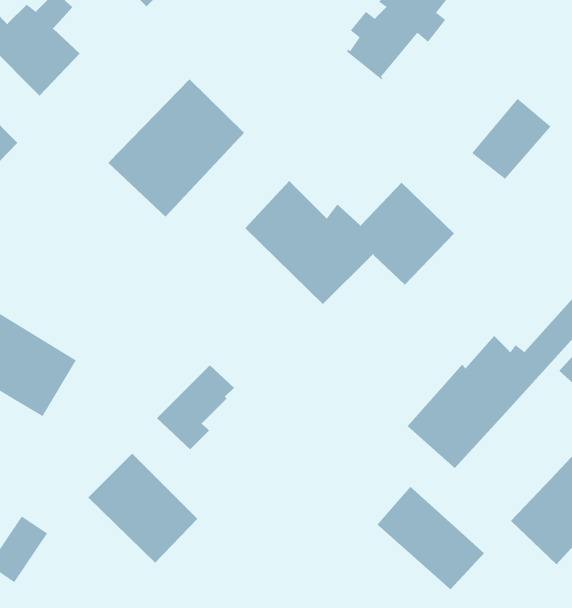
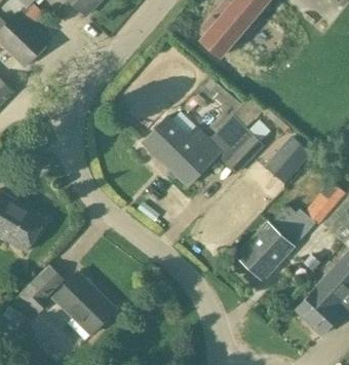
building: [108,78,245,217] -> none
building: [471,98,552,180] -> [264,136,310,183]
building: [156,365,235,450] -> [17,264,63,314]
building: [376,486,485,590] -> none

